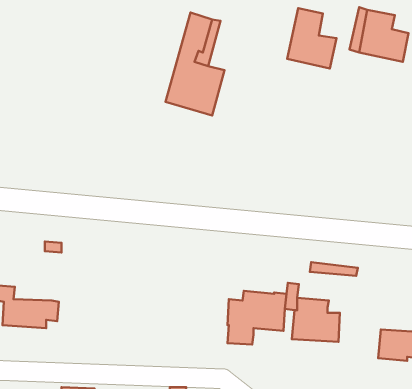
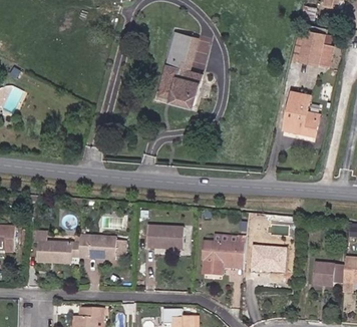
building: [287,8,337,68] -> [283,92,319,136]
building: none -> [145,227,184,250]
building: none -> [78,230,125,260]

